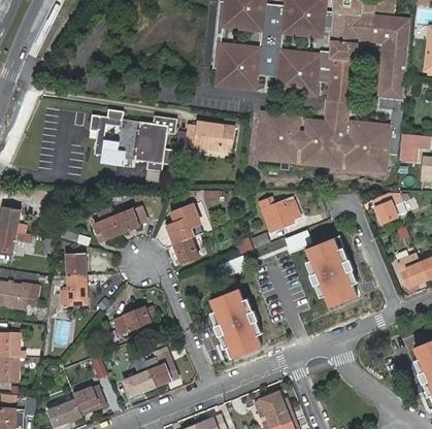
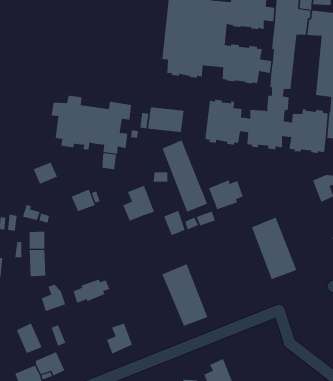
building: none -> [162,140,208,212]
building: [93,217,120,241] -> [33,162,58,185]
building: [174,237,198,265] -> [164,210,185,236]
building: none -> [41,284,66,312]
building: none -> [16,323,42,354]
building: [126,371,157,396] -> none

